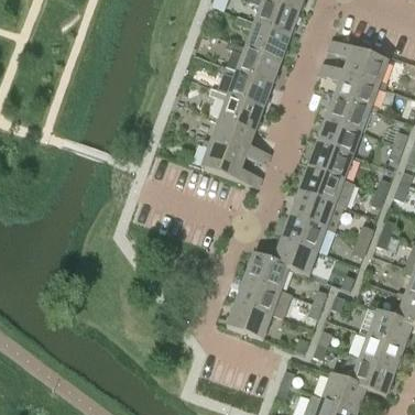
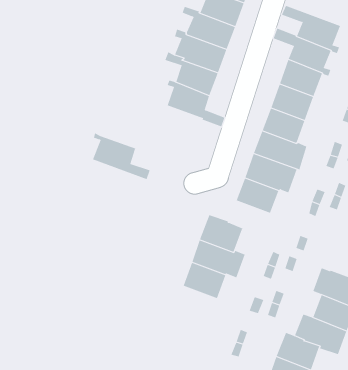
building: [203,138,262,186] -> [92,132,151,180]
building: [274,238,317,274] -> none

